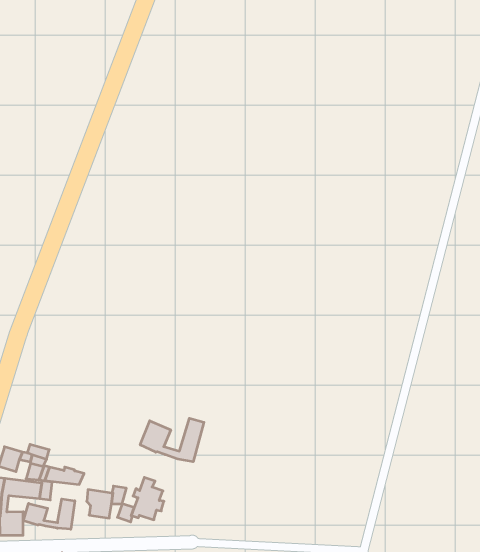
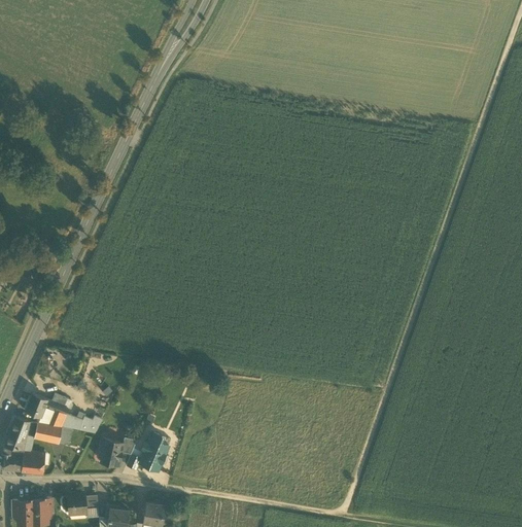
building: [140,418,204,462] -> none
building: [24,499,75,529] -> none

